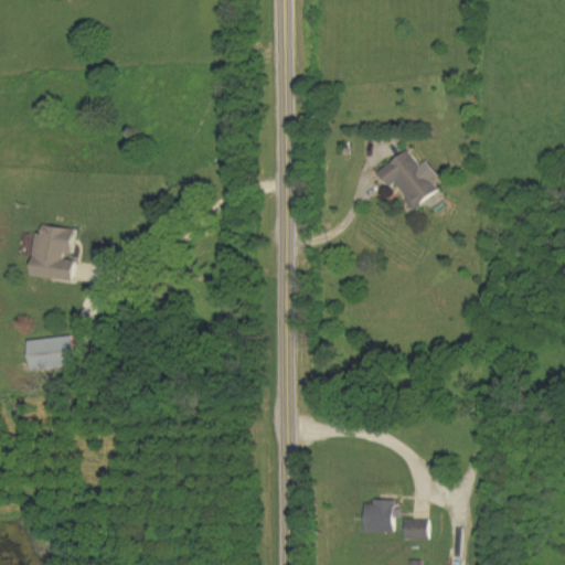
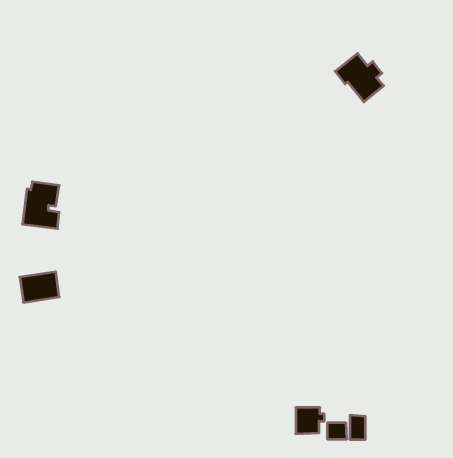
building: [376,149,436,209] -> [335,53,384,102]
building: none -> [350,415,365,440]

